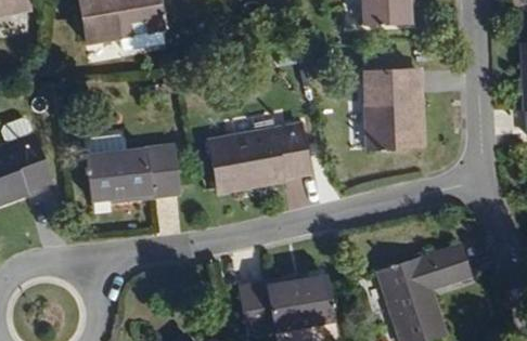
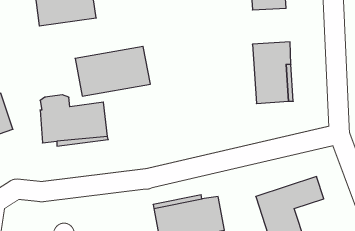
building: [210,123,312,191] -> [75,46,150,96]

